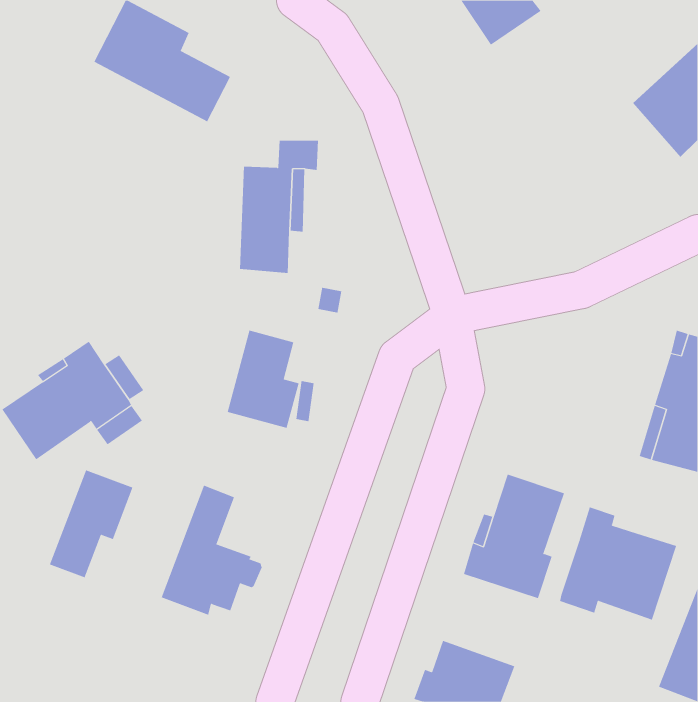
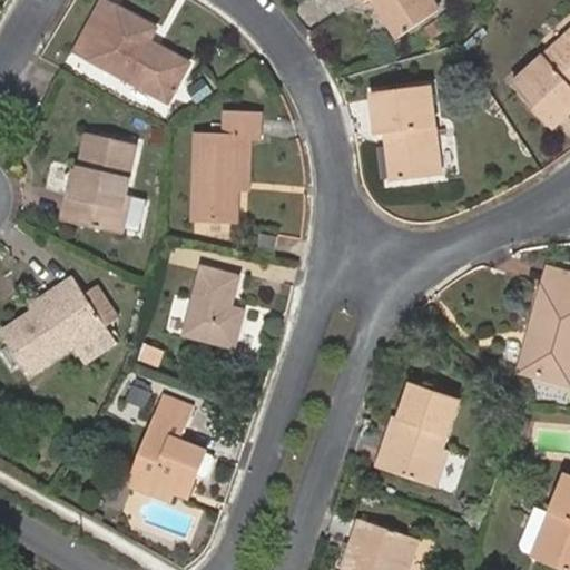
building: none -> [371,86,441,181]
building: none -> [60,134,135,232]
building: [49,469,133,578] -> none
building: [559,507,677,621] -> none

